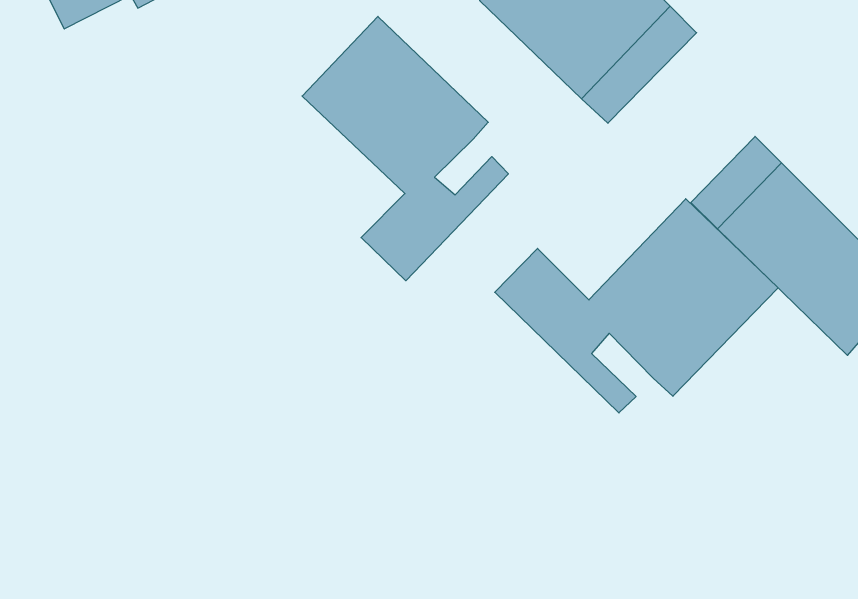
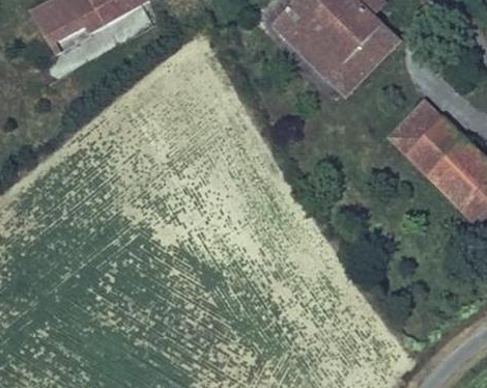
building: [302,16,508,281] -> none
building: [495,199,778,413] -> none

